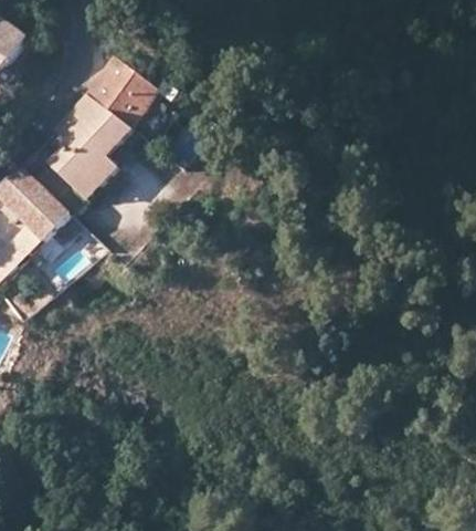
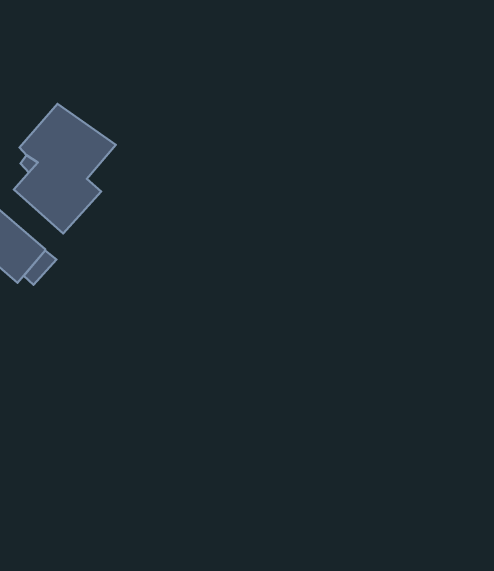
building: [85,55,178,138] -> none

